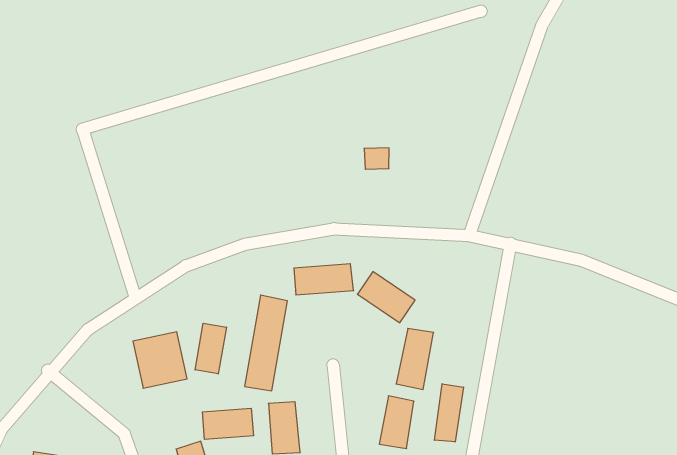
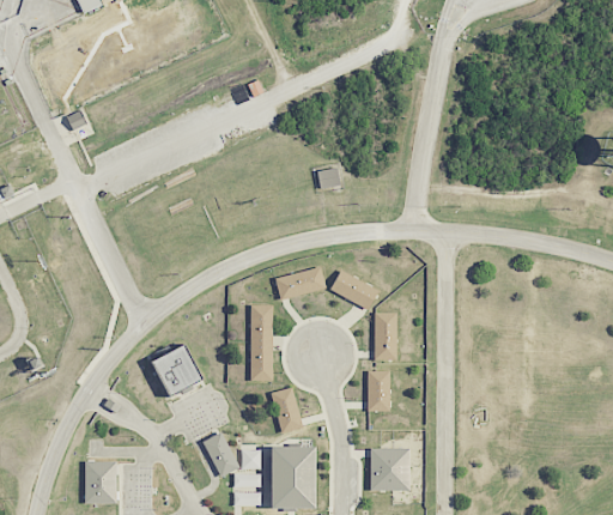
building: [195,323,226,374] -> none
building: [434,384,464,442] -> none
building: [202,408,253,439] -> none

